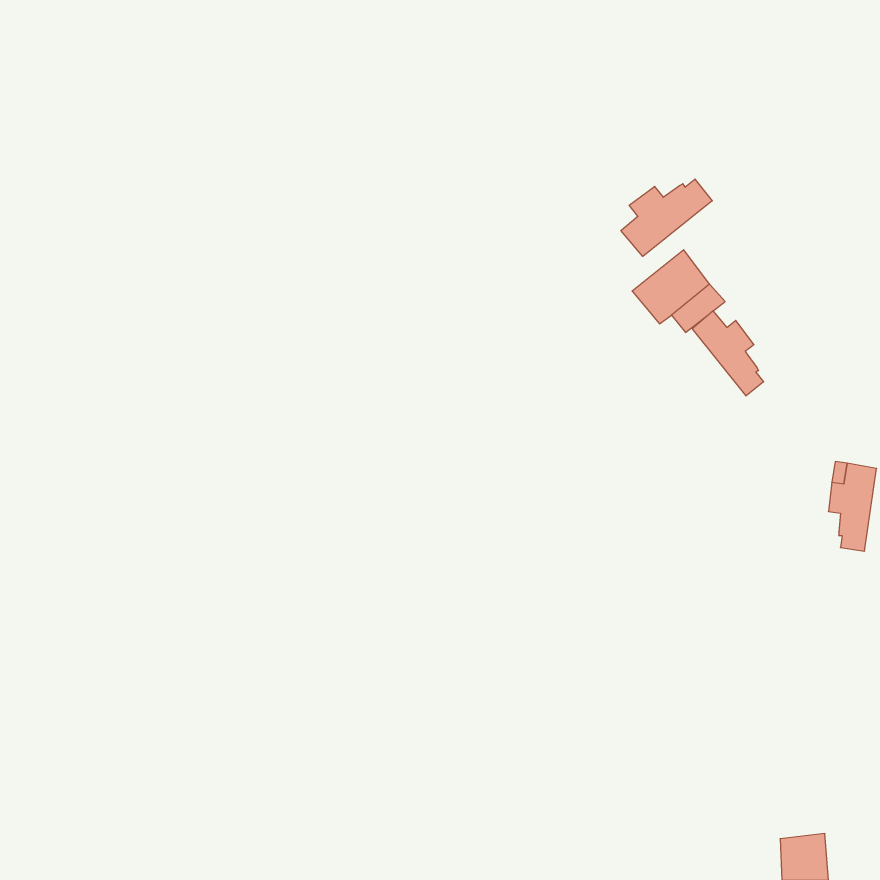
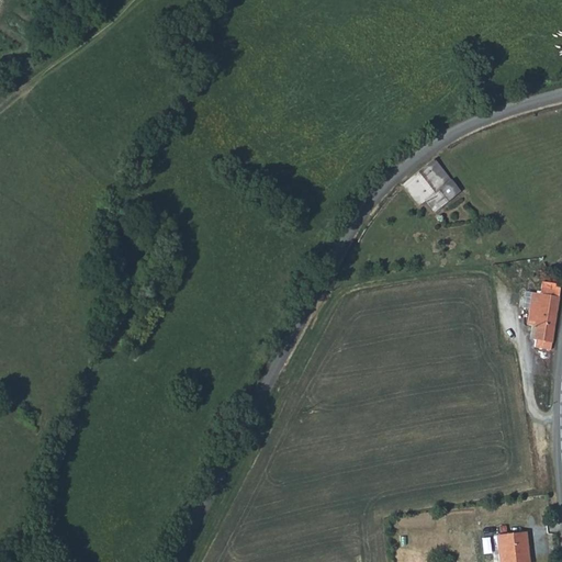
building: [621,179,712,256] -> none
building: [692,311,764,396] -> none

